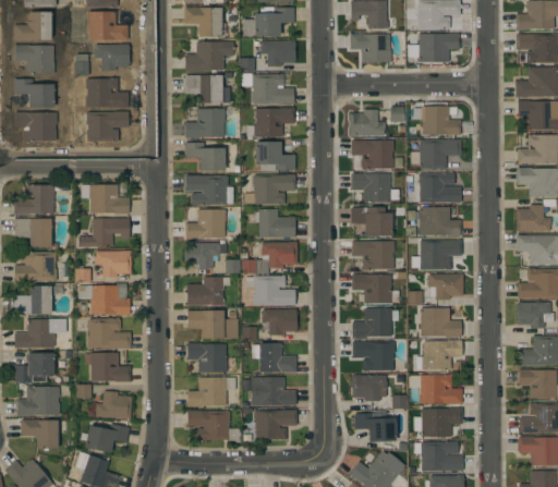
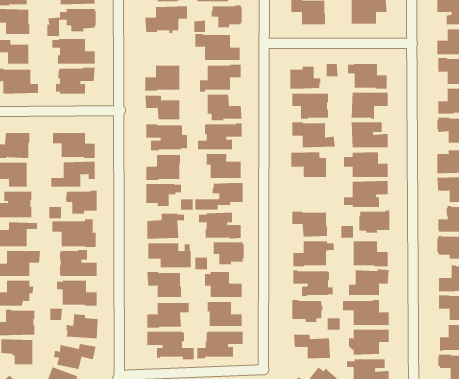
building: [184,75,230,104] -> none
building: [351,241,395,270] -> none

